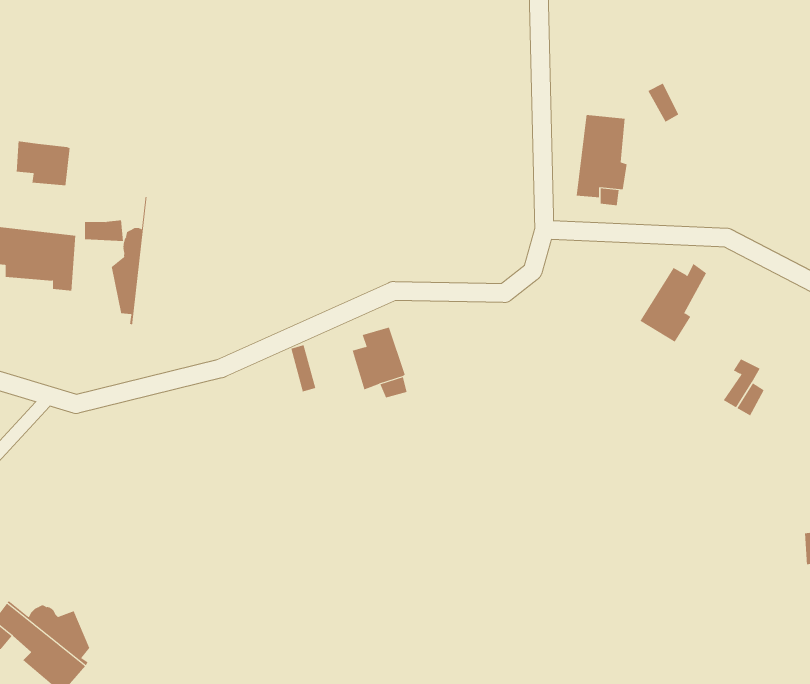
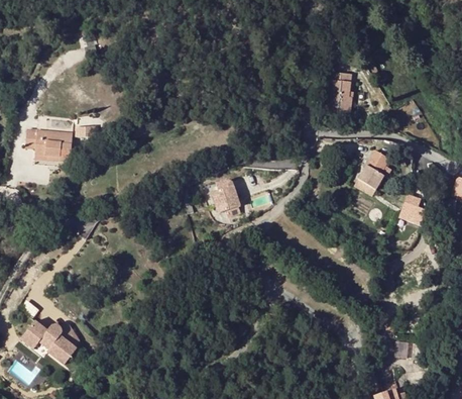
building: [16,140,70,186] -> none
building: [111,196,147,326] -> none

